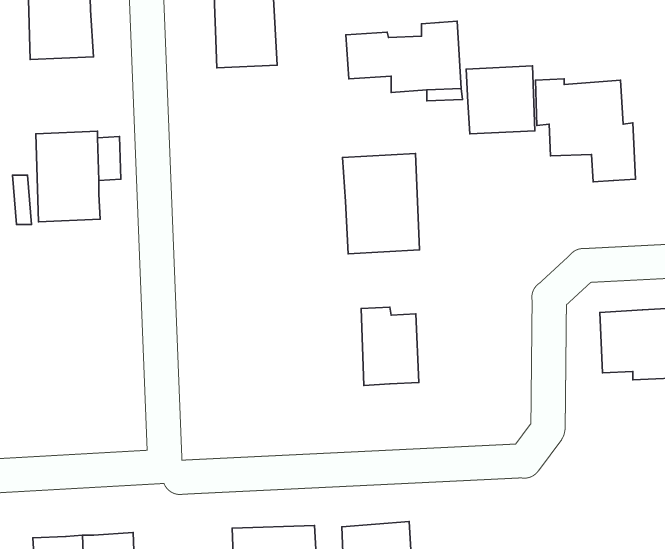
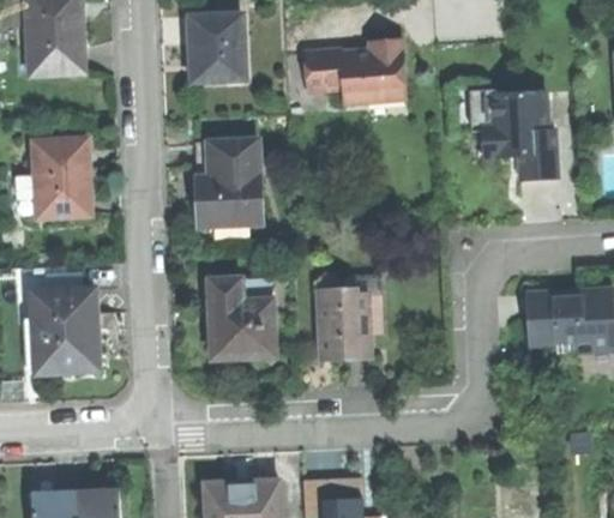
building: [466,66,535,134] -> none
building: [343,154,420,254] -> [194,138,261,225]
building: none -> [210,277,273,356]
building: none -> [31,287,97,371]

